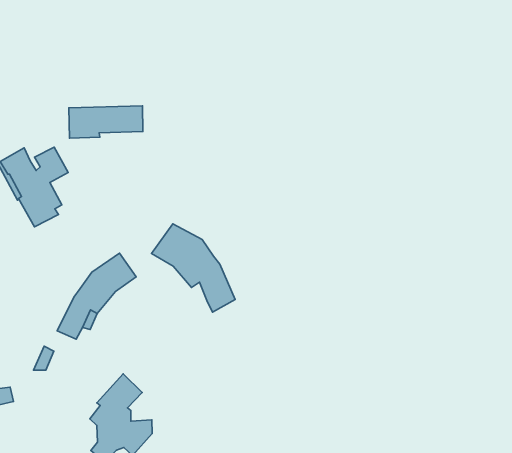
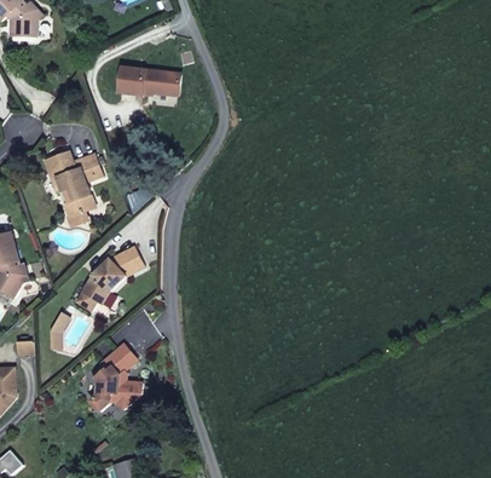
building: [69,106,143,138] -> [119,68,180,94]
building: [151,224,235,312] -> none

